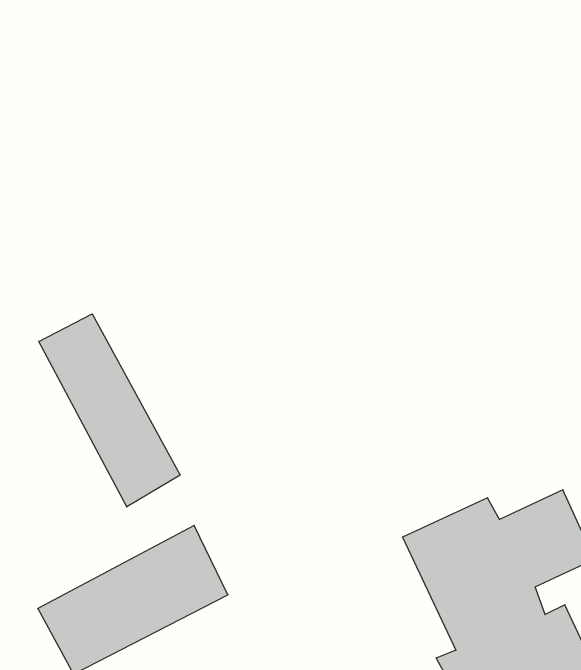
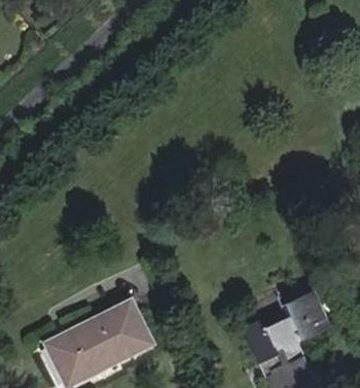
building: [39,314,180,507] -> none

